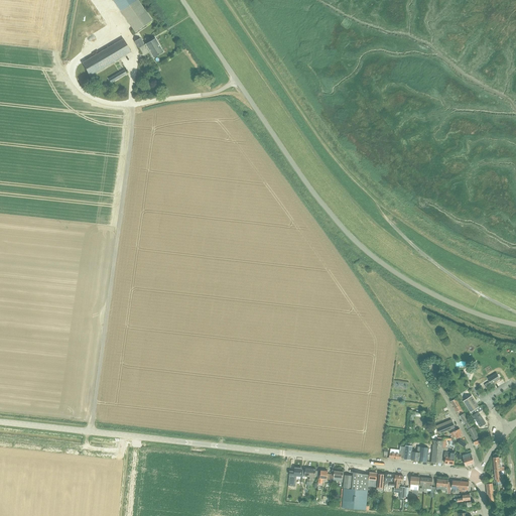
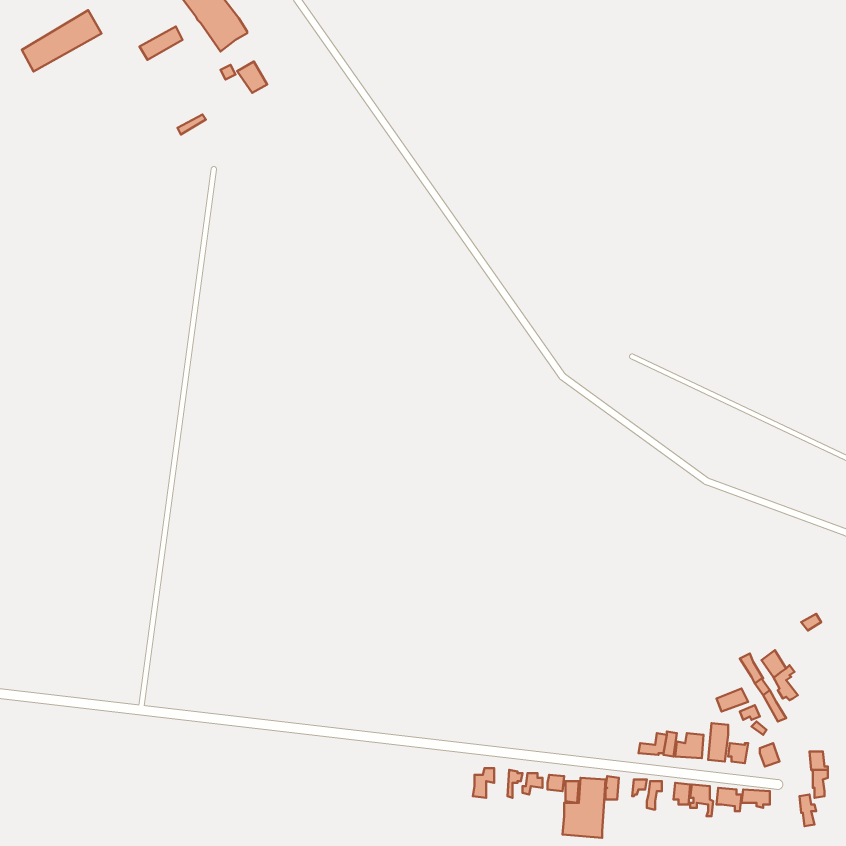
building: [82,37,130,75] -> [22,10,101,72]

